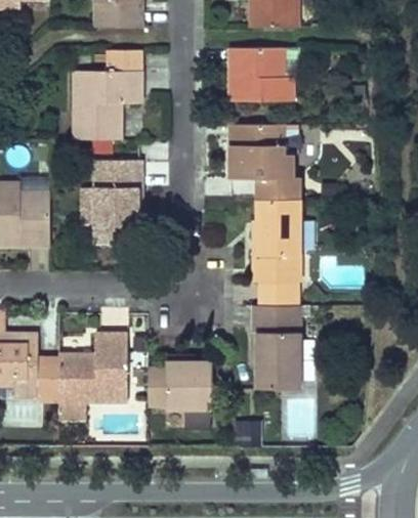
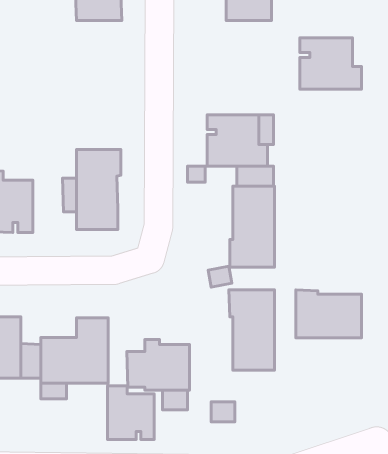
building: [228,47,292,100] -> [300,38,361,89]
building: [73,49,141,138] -> none
building: [259,282,299,305] -> none
building: none -> [296,290,362,338]
building: none -> [107,386,154,439]

